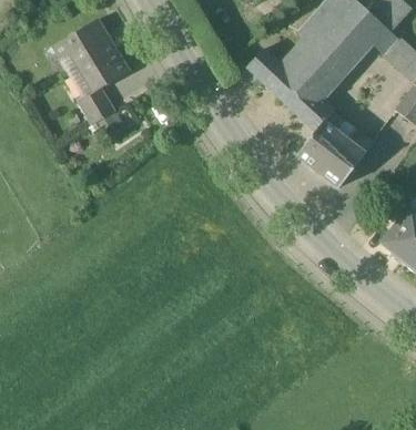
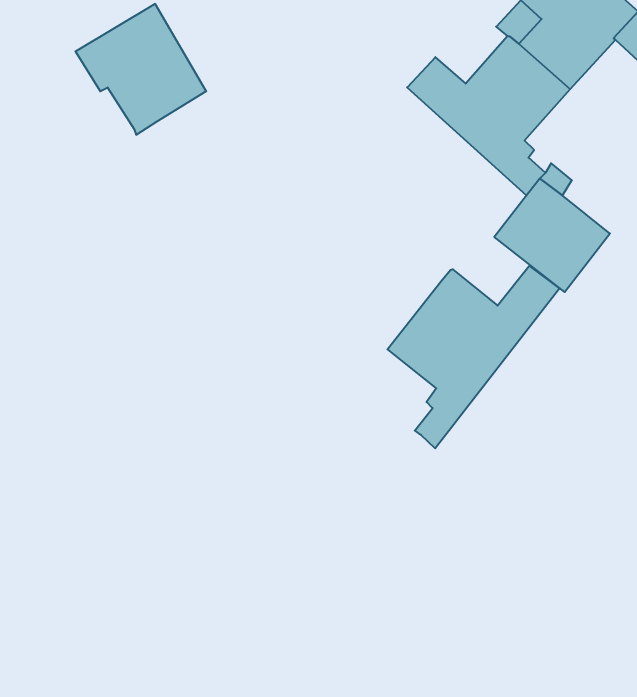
building: [78,88,115,123] -> none
building: none -> [387,266,560,448]

